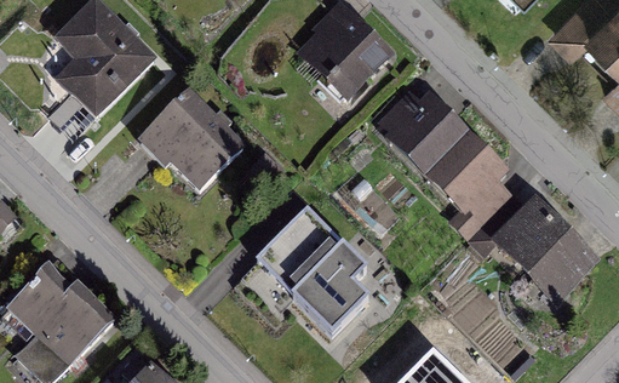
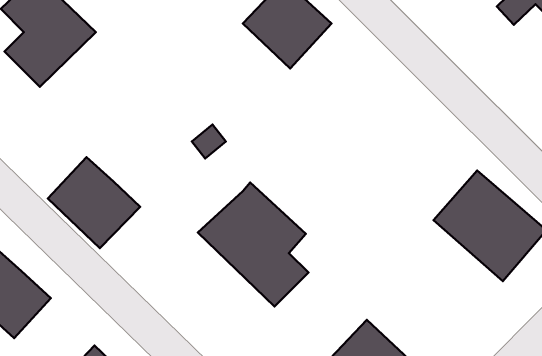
building: [377,91,521,235] -> none
building: [144,95,236,185] -> [48,157,140,248]

